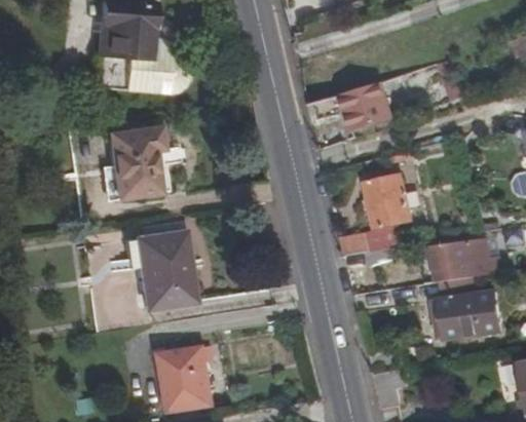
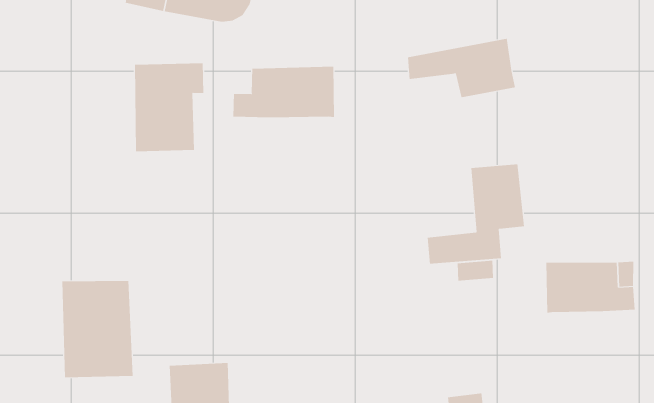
building: none -> [233,66,334,118]
building: [135,230,196,308] -> [62,280,134,378]
building: [440,276,500,339] -> none

